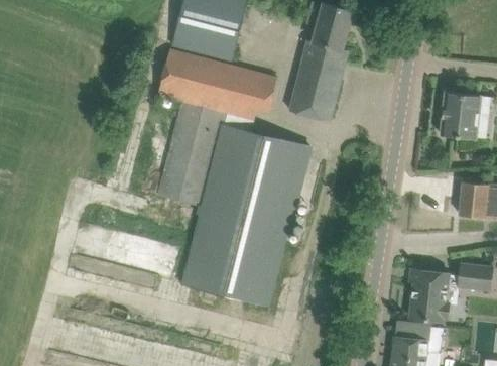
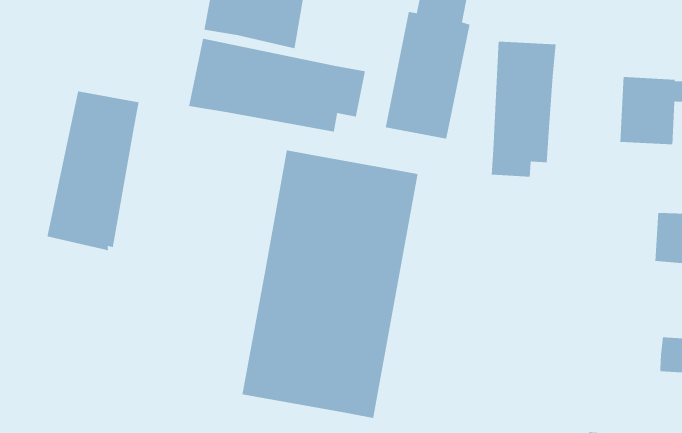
building: none -> [491,41,556,177]
building: [159,100,226,207] -> [47,90,140,251]
building: [409,270,459,322] -> none

